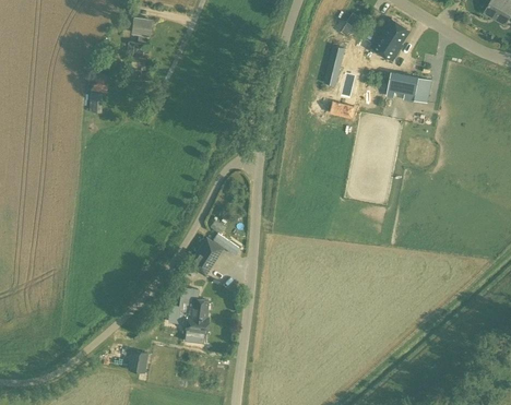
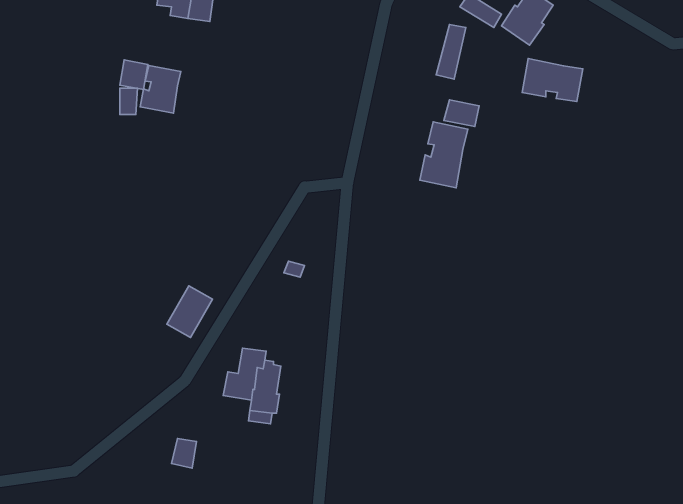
building: none -> [140,66,181,113]
building: none -> [420,122,468,188]
building: [190,239,224,277] -> [167,286,213,338]

